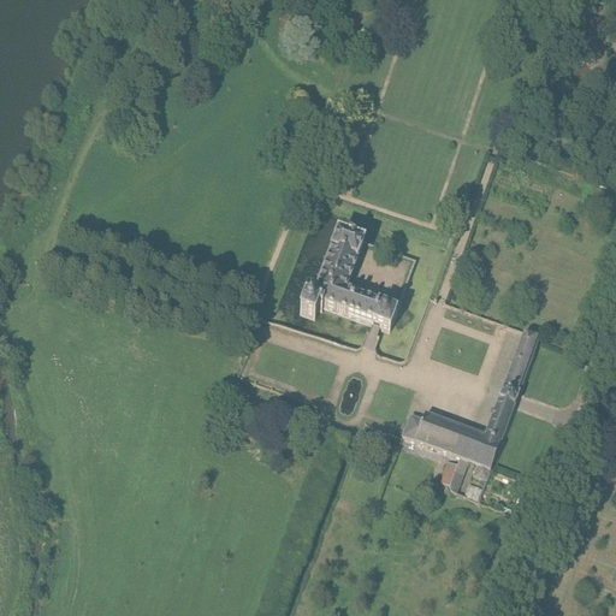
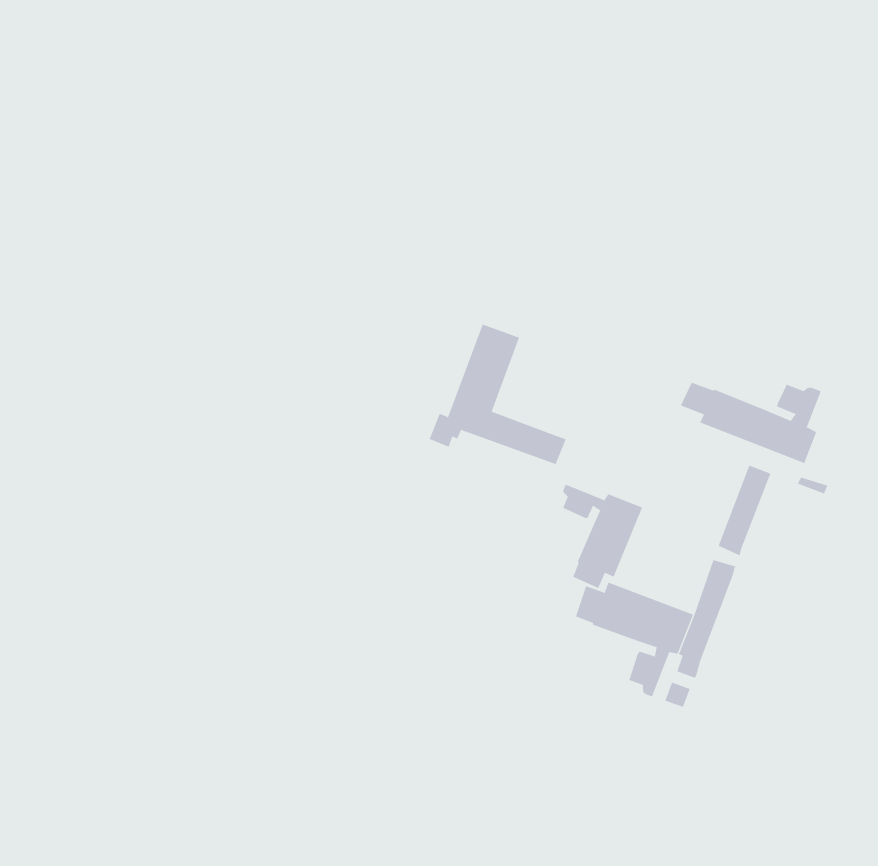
building: none -> [680,382,822,464]
building: none -> [562,484,643,589]

